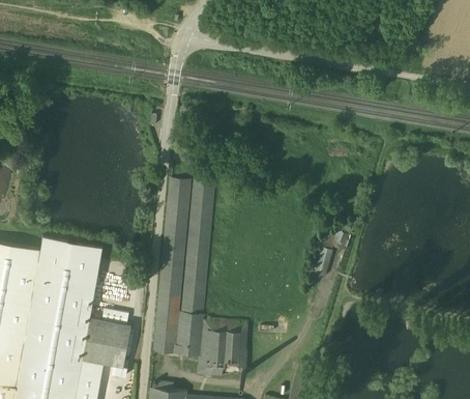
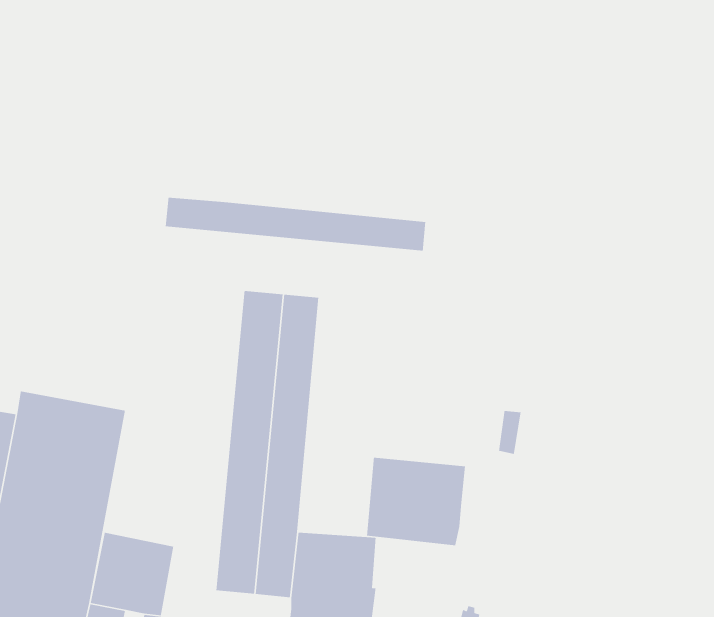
building: none -> [165,197,426,251]
building: none -> [366,457,466,546]

